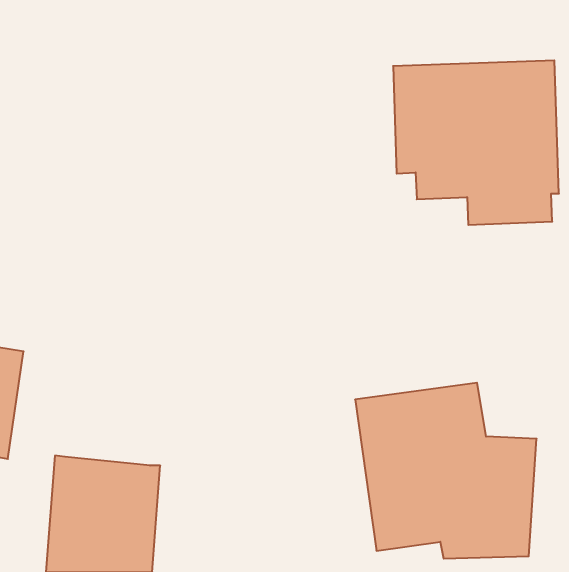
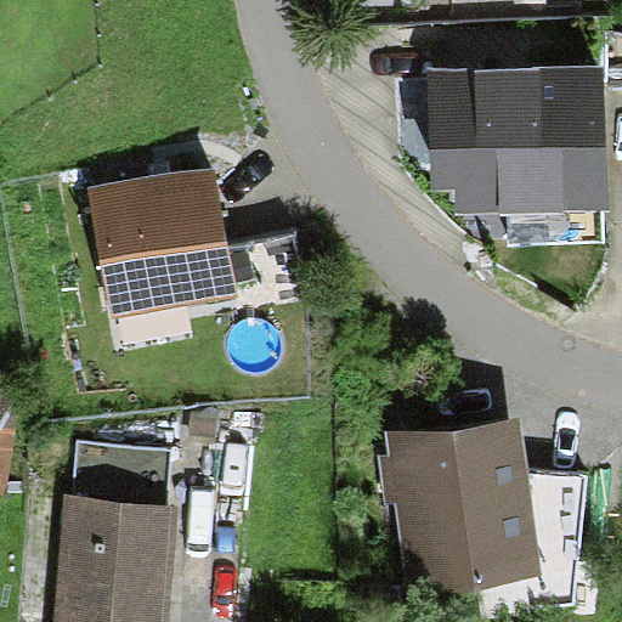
building: none -> [90,165,238,320]
building: none -> [70,441,169,505]

